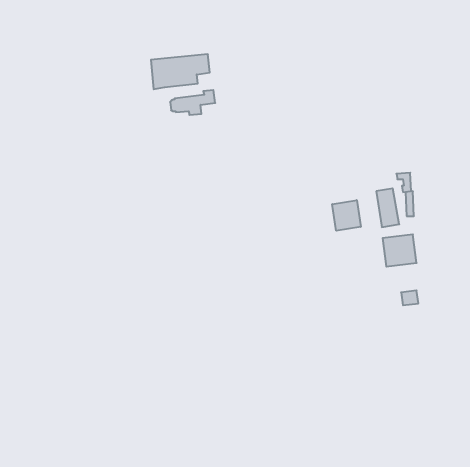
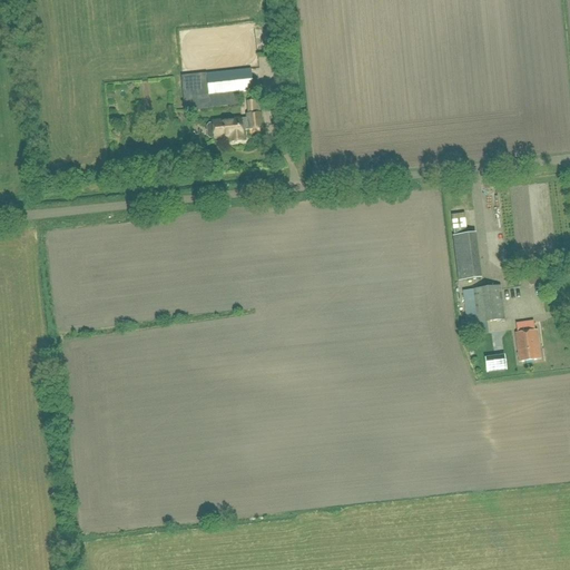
building: [332,200,361,231] -> none
building: none -> [513,327,539,360]

